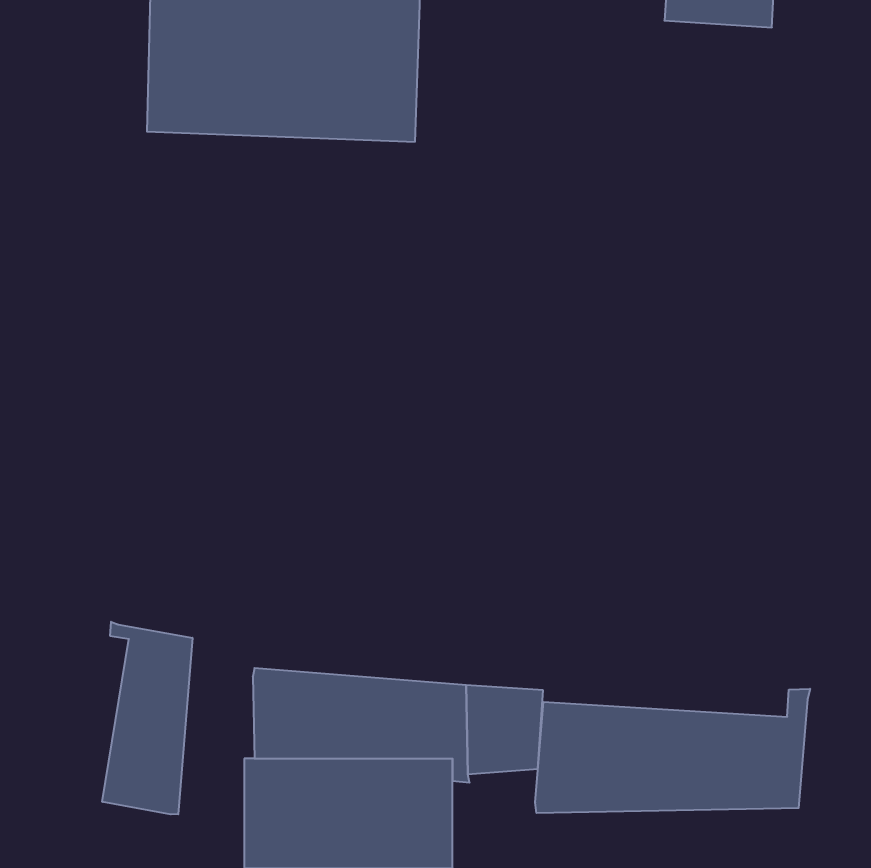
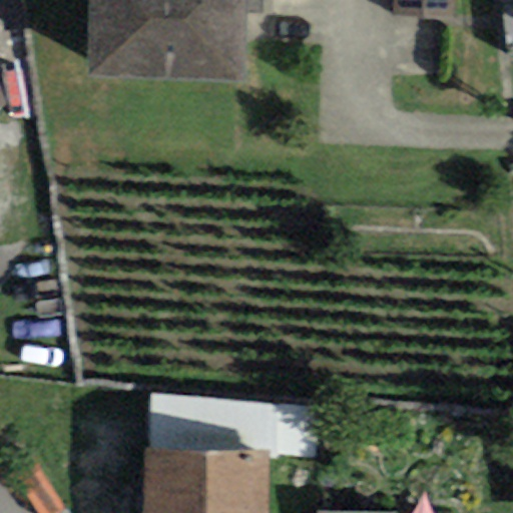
building: [102,622,192,814] -> none
building: [535,689,810,813] -> none

